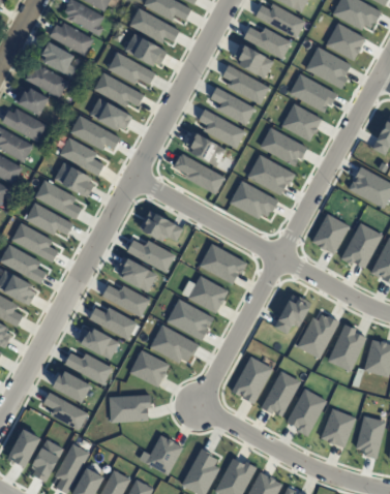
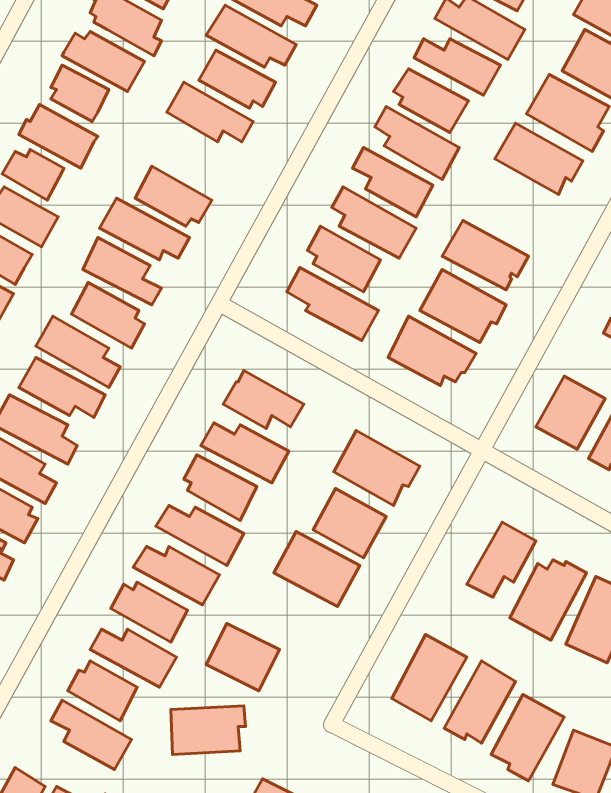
building: [94,71,144,105] -> none
building: [280,103,321,141] -> none
building: [149,325,198,363] -> none

